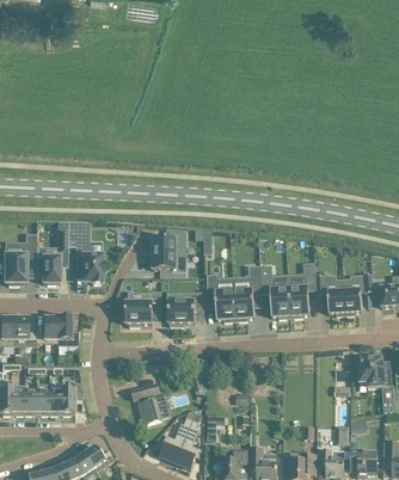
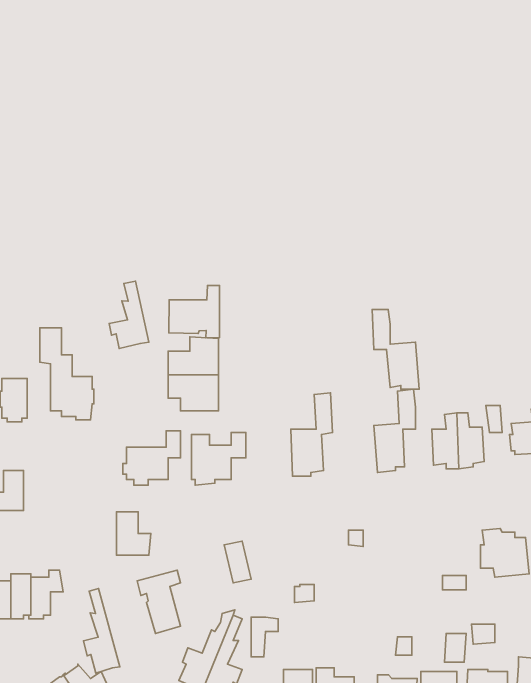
building: none -> [109,281,149,348]
building: none -> [169,285,219,338]
building: [260,265,291,318] -> [372,310,419,389]
building: [208,275,235,321] -> none
building: [57,316,80,345] -> [116,512,151,555]
building: none -> [83,589,120,673]

